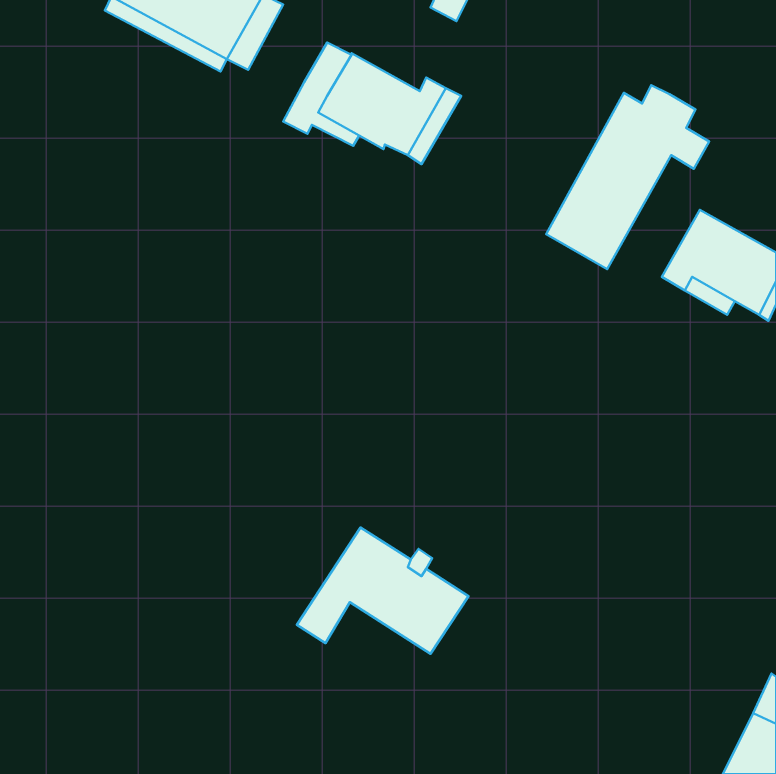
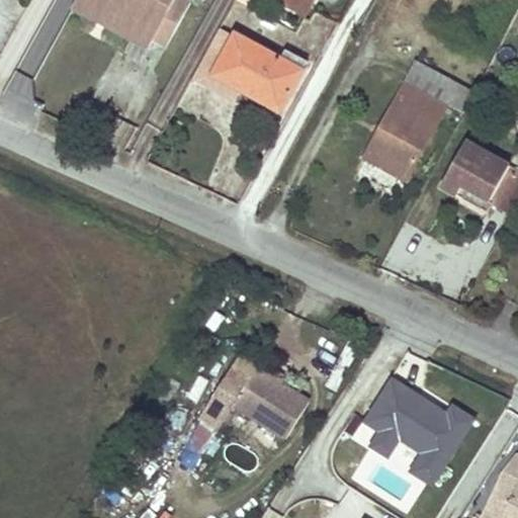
building: none -> [366,377,476,485]

